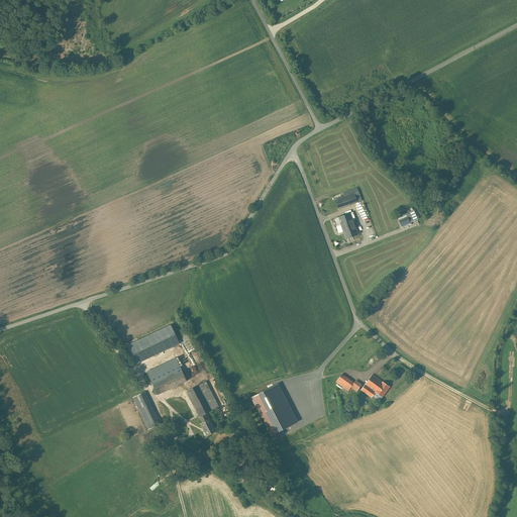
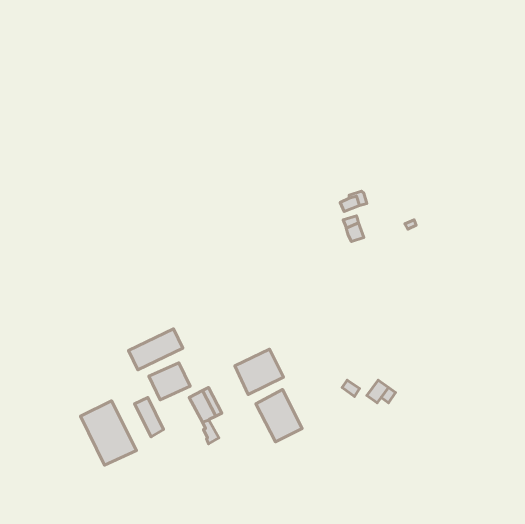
building: none -> [235,349,284,395]
building: none -> [81,401,136,465]

